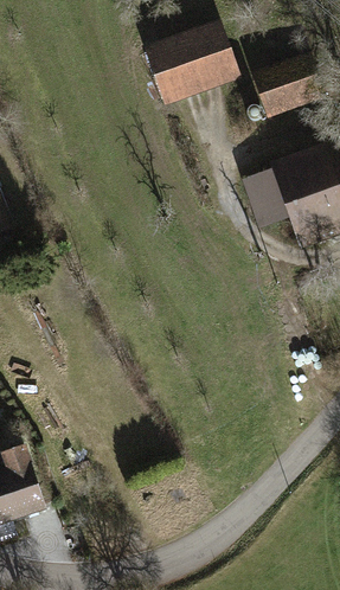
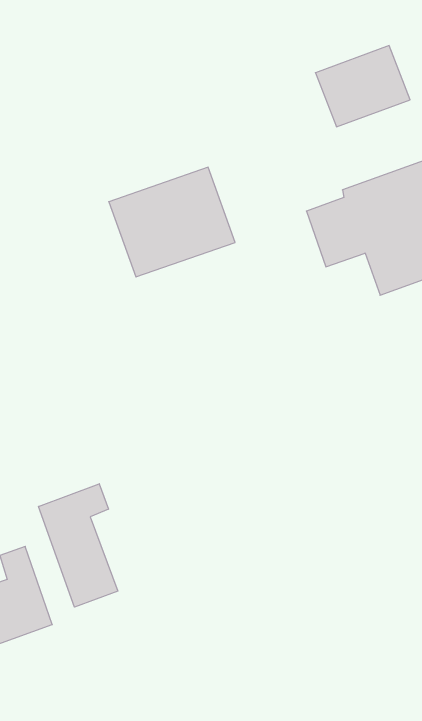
building: [142,19,242,105] -> [109,167,235,277]
building: none -> [39,484,118,607]

